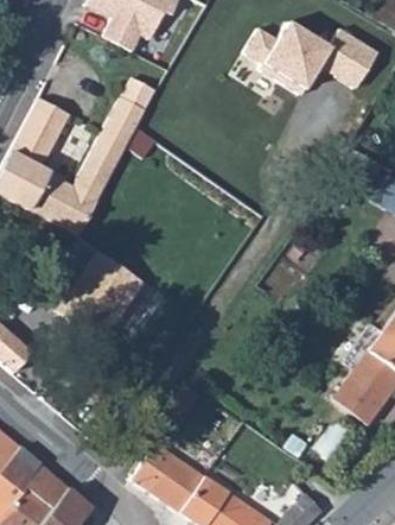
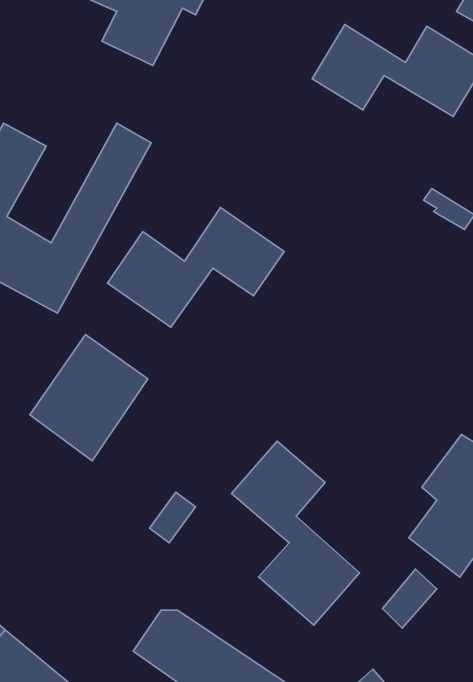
building: none -> [107,207,284,327]
building: none -> [231,441,360,625]

